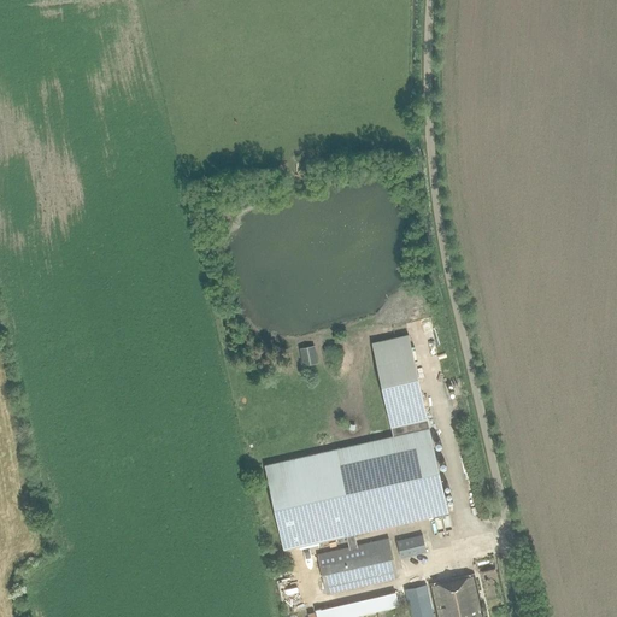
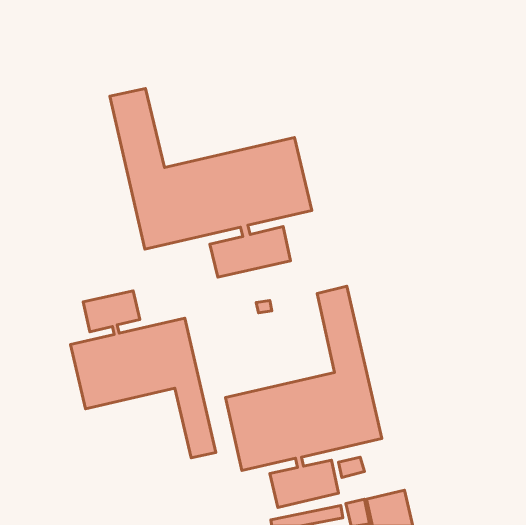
building: none -> [110,88,312,277]
building: none -> [71,291,216,458]

